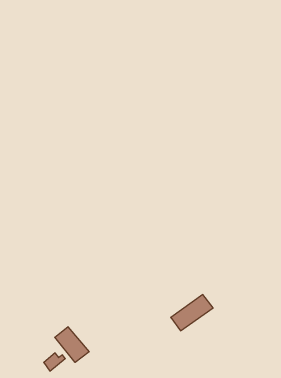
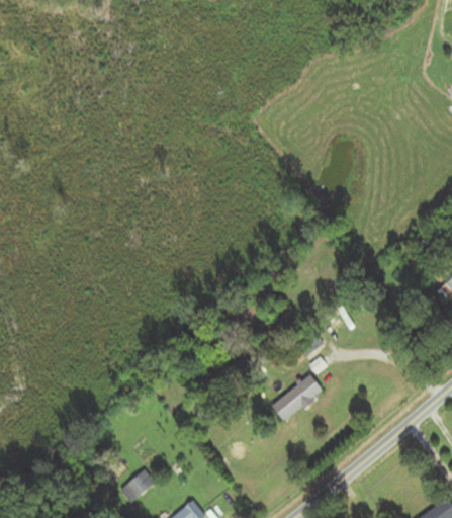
building: [55,327,89,362] -> none

